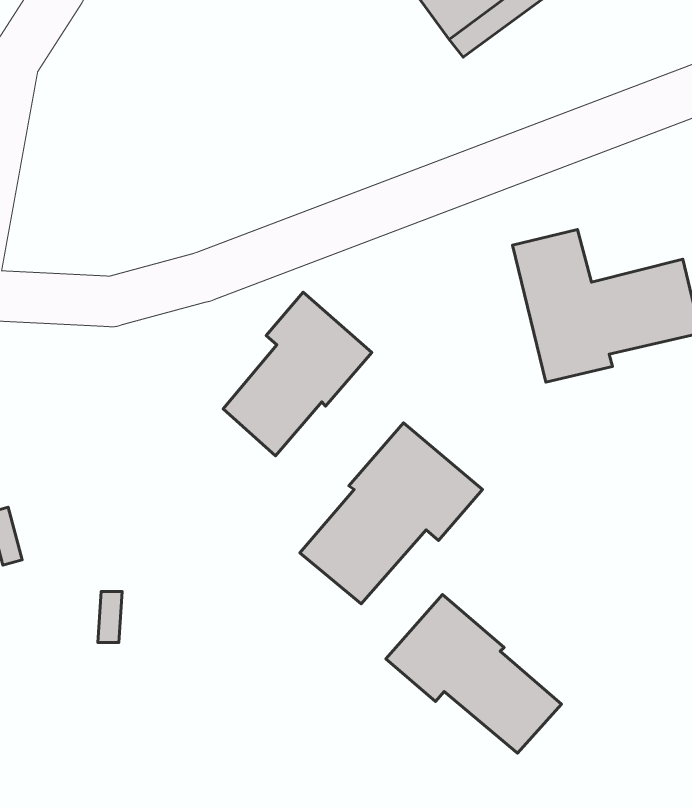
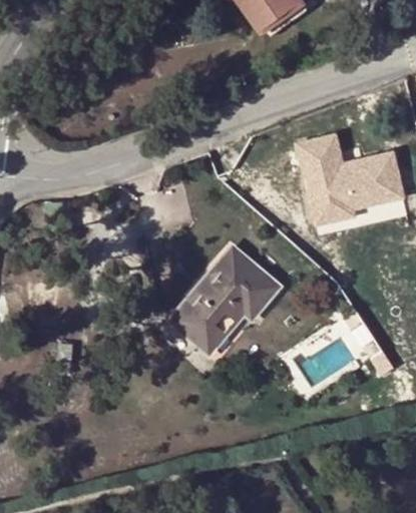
building: [223,292,372,456] -> none
building: [386,595,562,753] -> none

